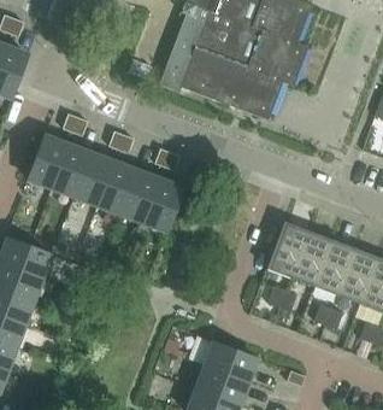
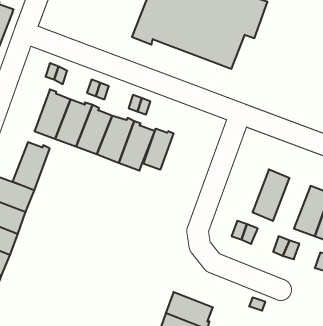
building: [26,135,67,188] -> [13,142,50,190]
building: none -> [143,129,174,170]
building: [266,222,308,277] -> none
building: [313,240,354,295] -> none
building: [204,341,259,382] -> none

